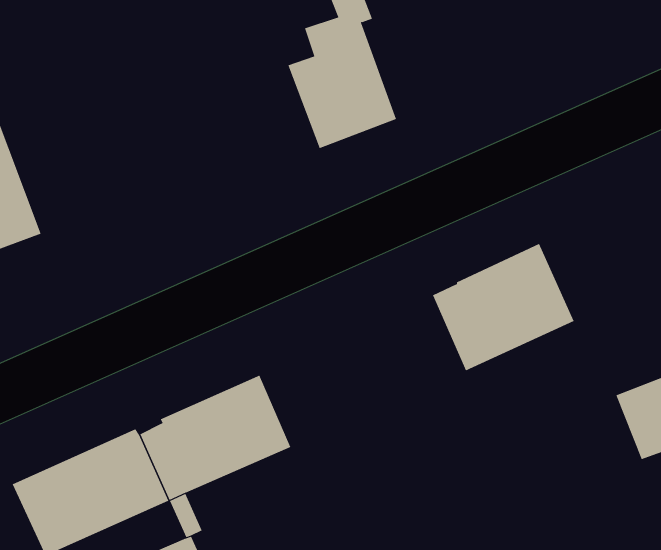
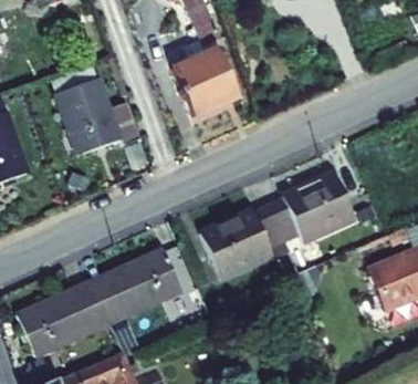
building: none -> [53,81,137,157]
building: none -> [195,206,282,280]

